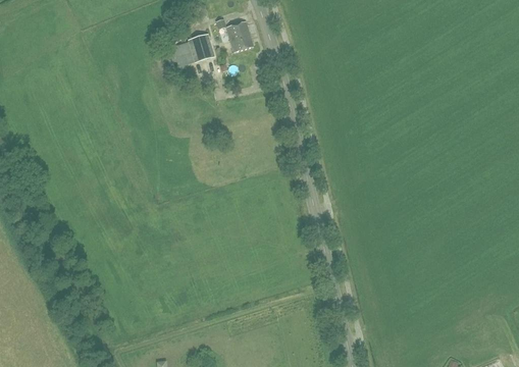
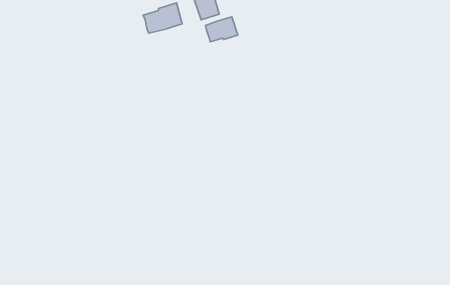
building: none -> [205,17,238,42]

